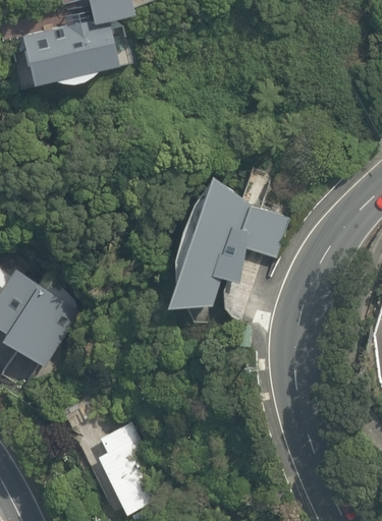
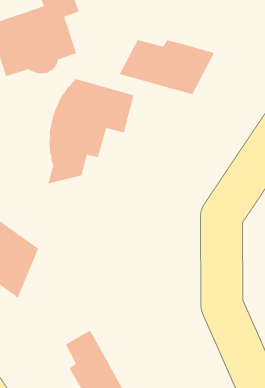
building: none -> [119,39,215,95]
building: [170,185,284,313] -> [47,78,135,185]

